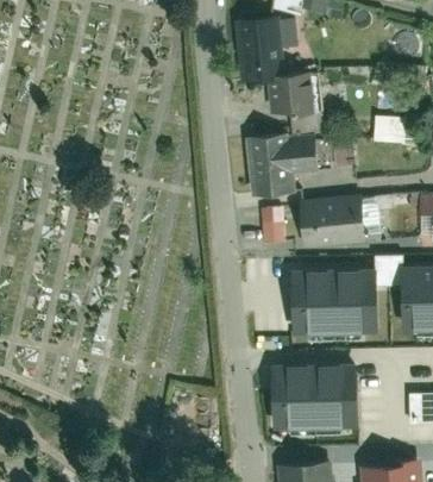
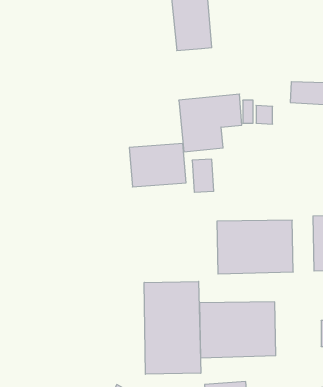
building: [272,74,313,111] -> none
building: [300,194,365,244] -> [129,143,186,187]
building: none -> [144,281,201,374]

